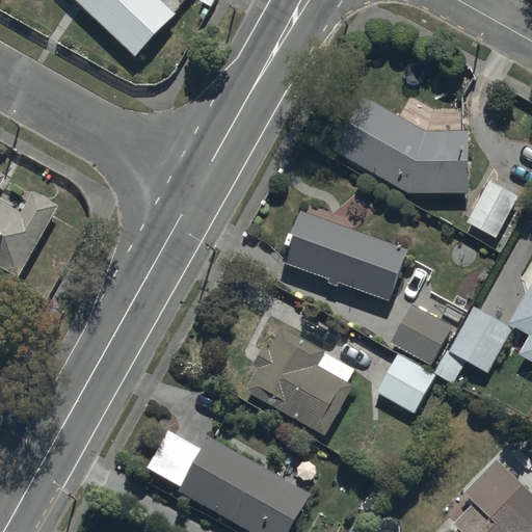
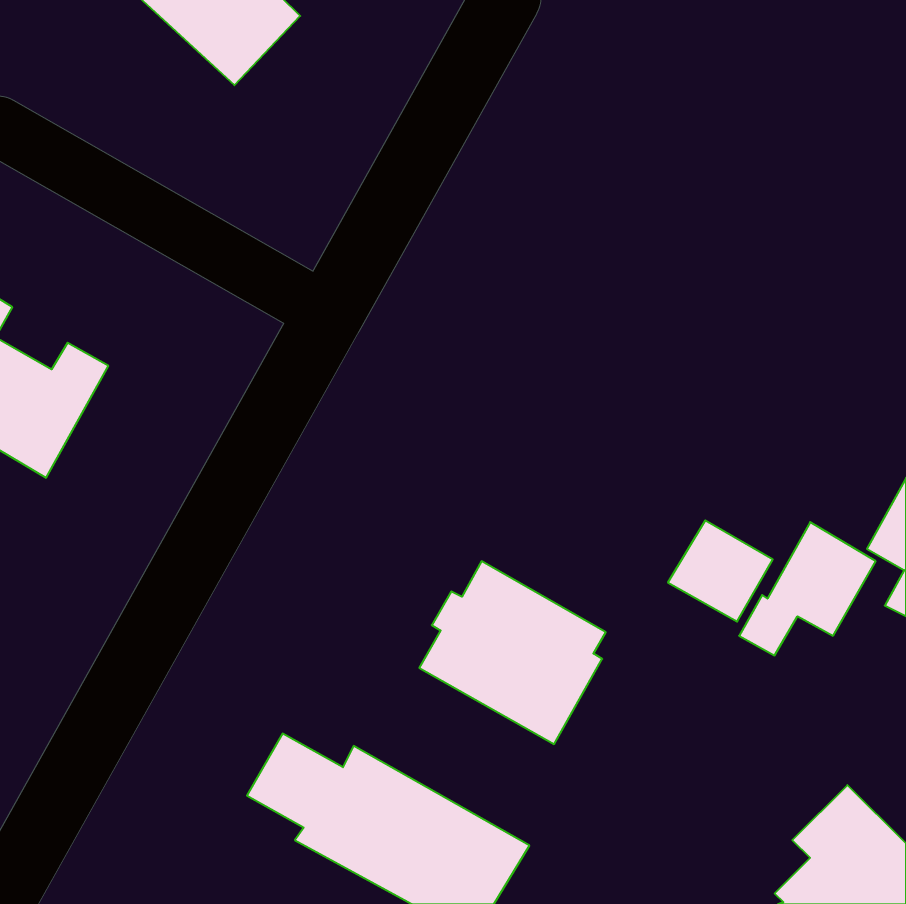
building: [334,96,469,192] -> none
building: [467,181,517,238] -> none
building: [281,211,407,301] -> none
building: [375,354,434,413] -> none

